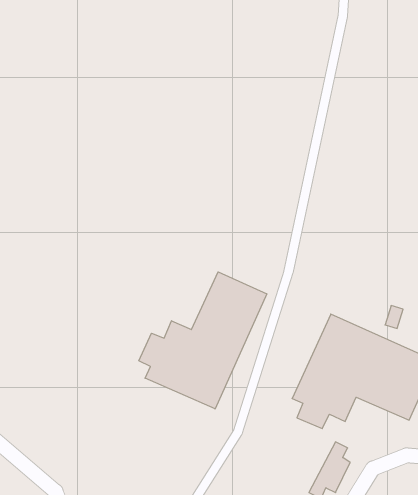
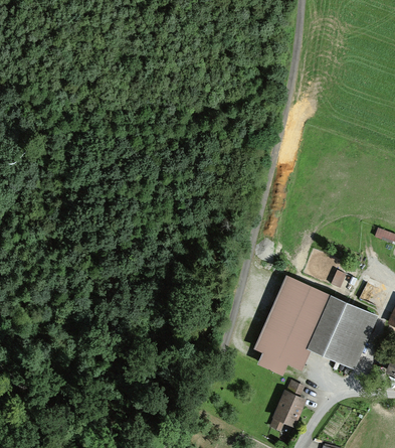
building: [139,272,267,409] -> none

